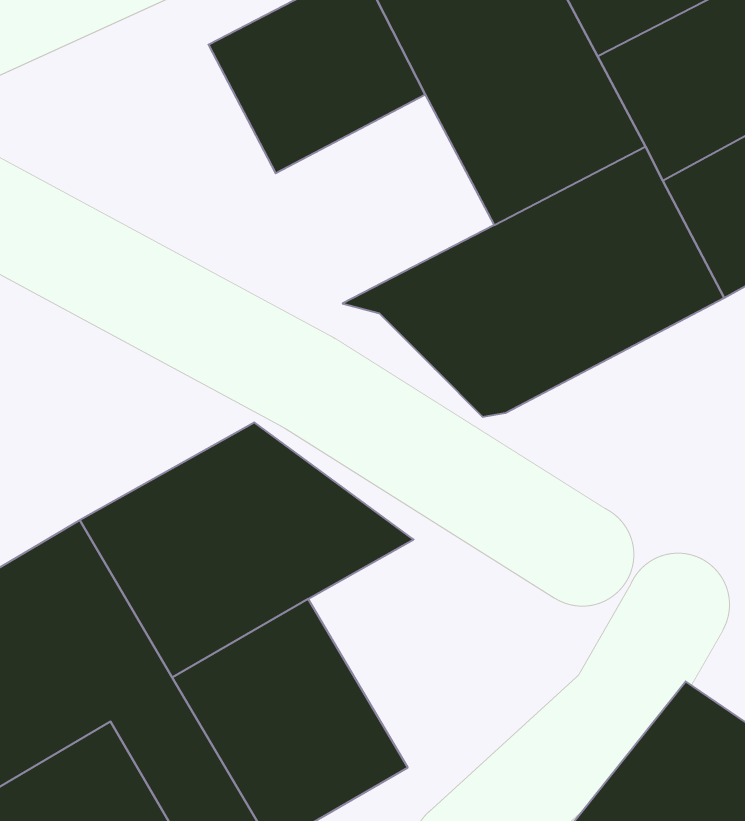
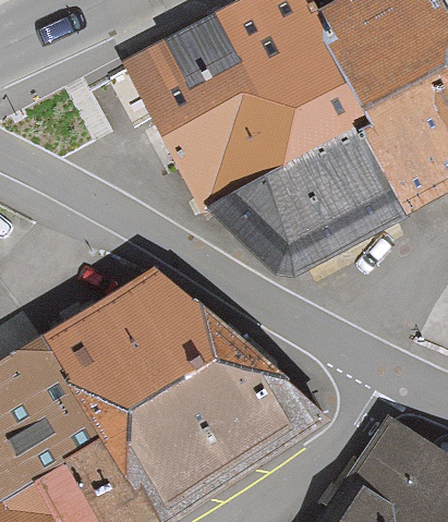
building: none -> [161,88,286,207]
building: none -> [180,341,329,471]

